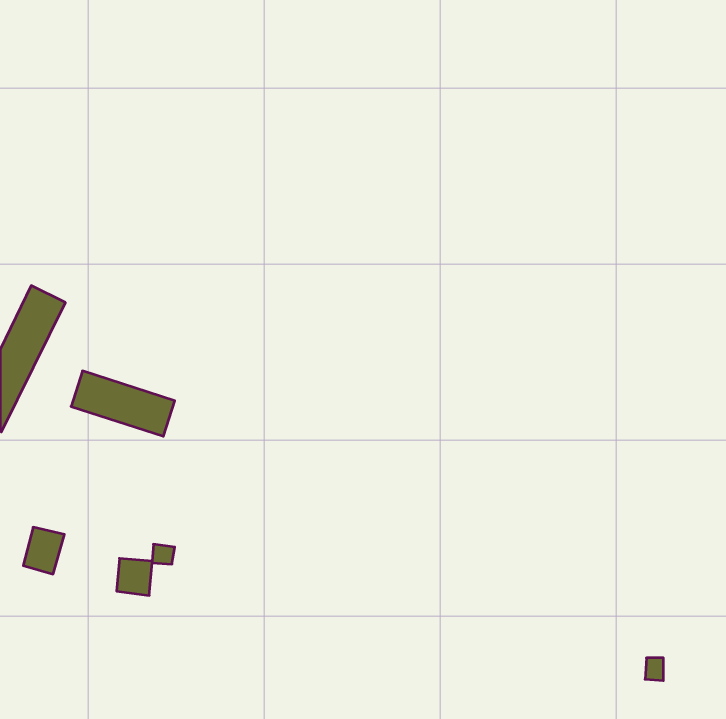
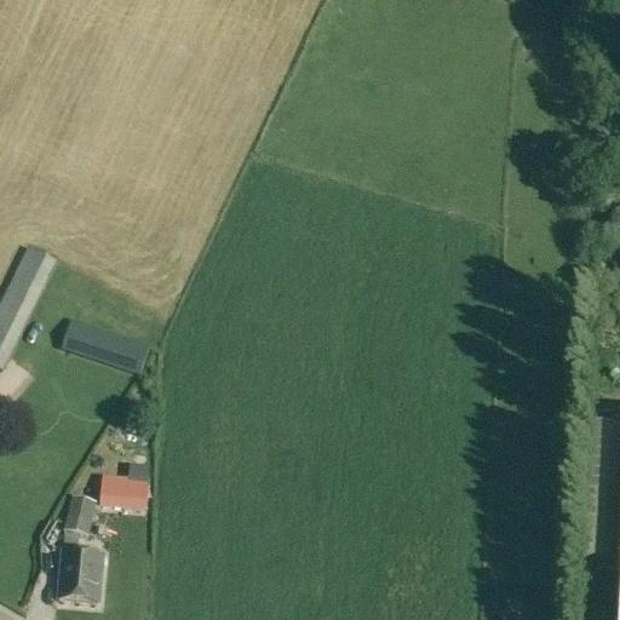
building: [23,527,64,574] -> [62,494,97,534]
building: none -> [58,549,101,601]

